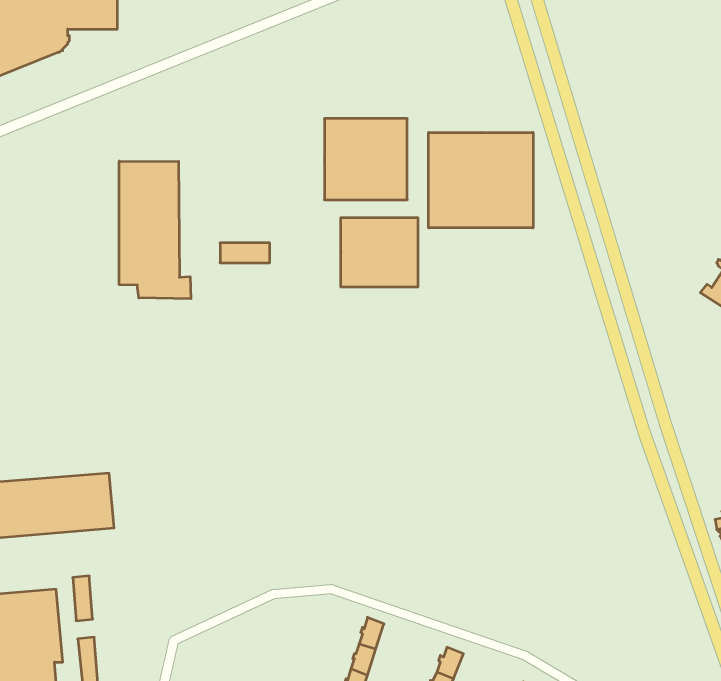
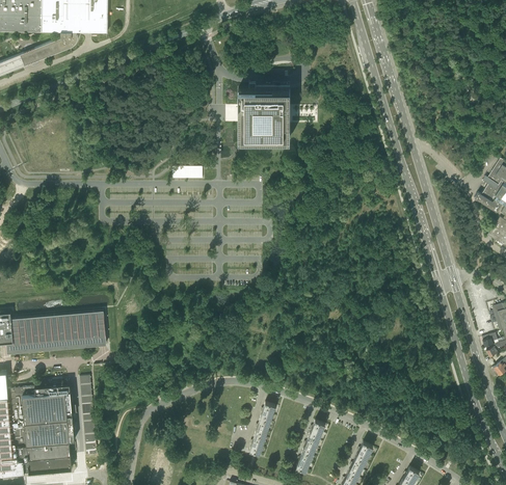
building: [429,132,533,228] -> none
building: [119,161,191,299] -> none
building: [341,218,418,287] -> none

